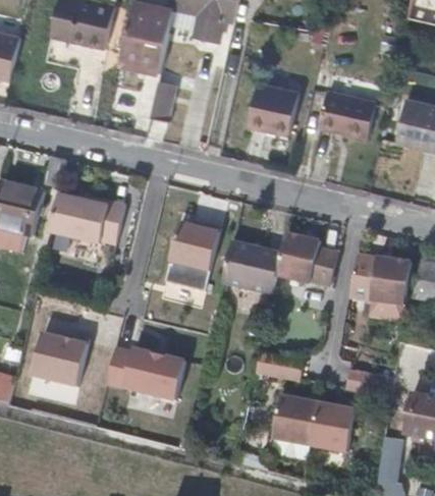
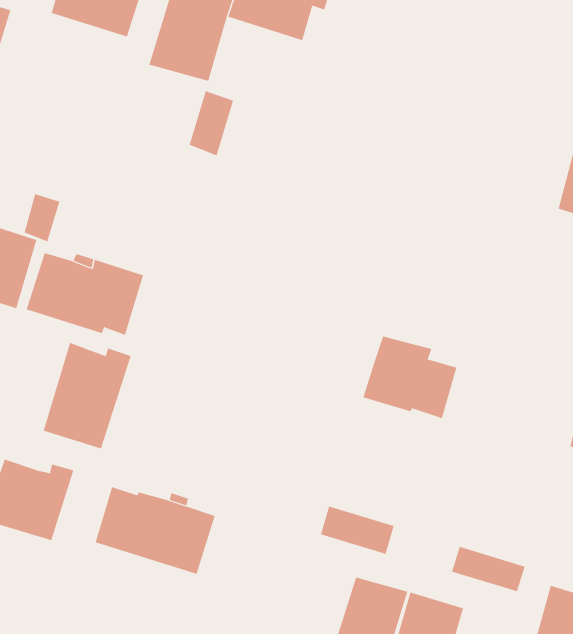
building: [249,87,300,139] -> none
building: [320,93,375,142] -> none
building: [167,221,222,290] -> [43,342,131,449]
building: [221,241,281,295] -> none
building: [349,254,411,306] -> none

